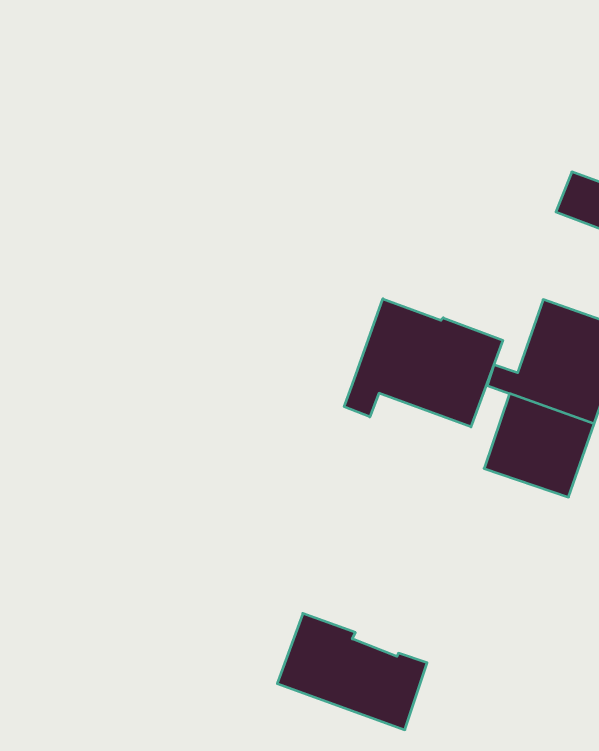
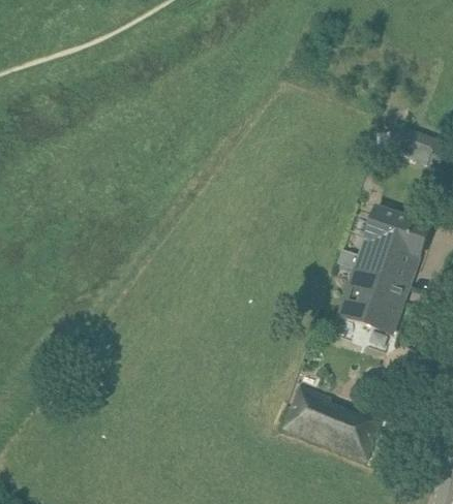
building: [344,299,503,427] -> none
building: [277,613,427,730] -> [284,386,382,462]

